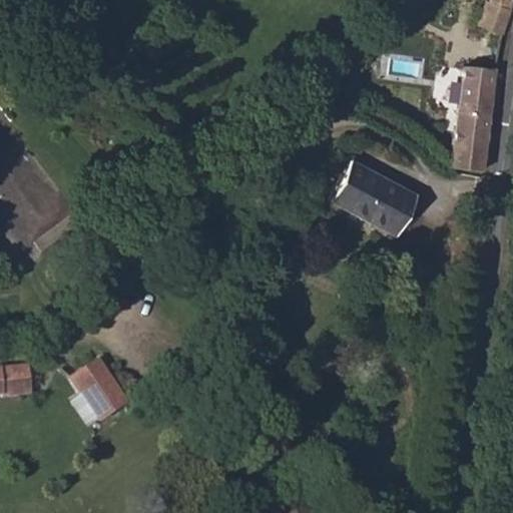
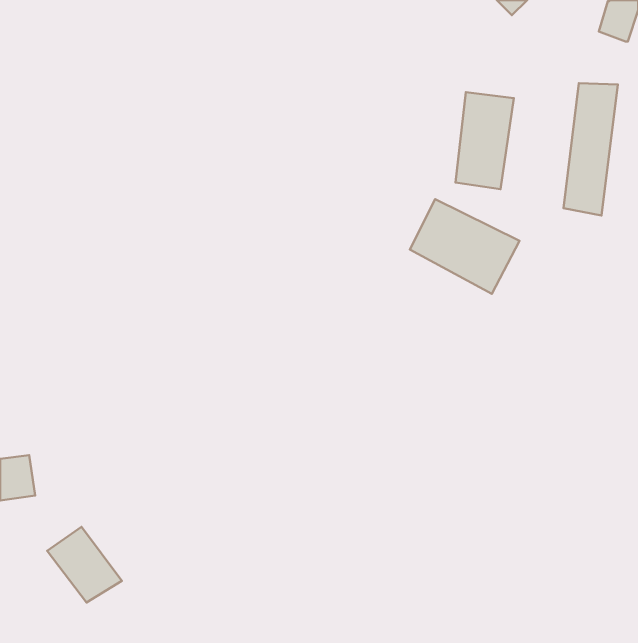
building: none -> [455,92,514,189]
building: [68,362,127,422] -> [47,527,122,602]

